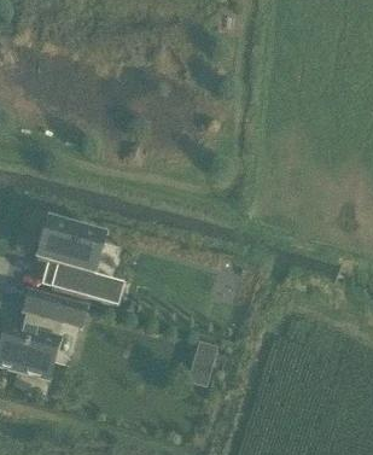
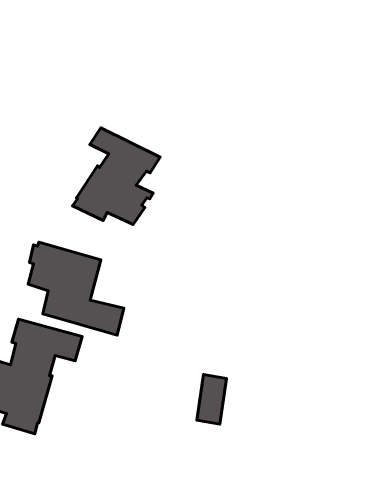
building: none -> [73,128,160,225]

